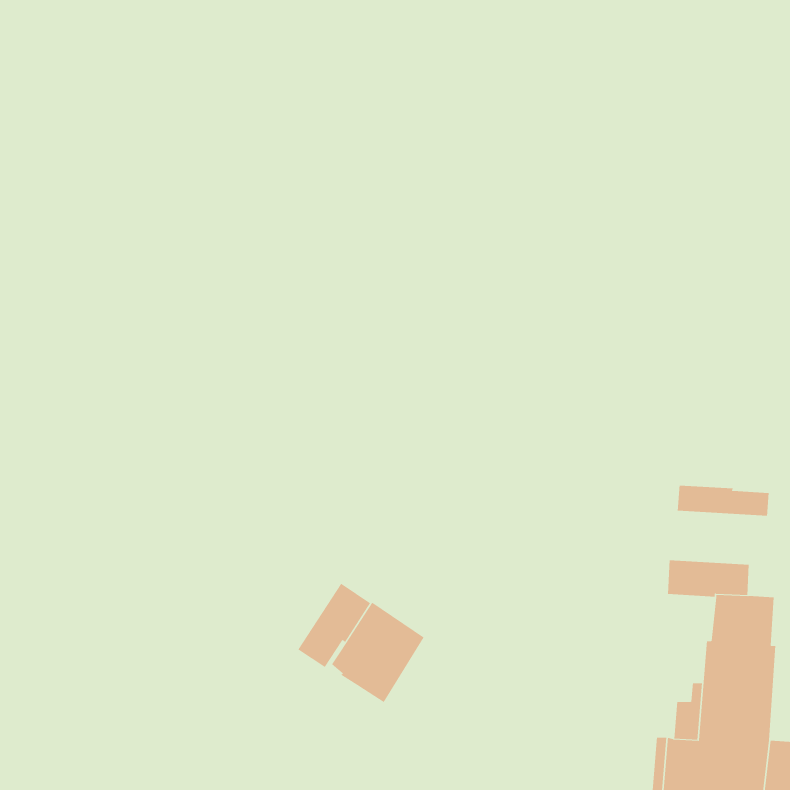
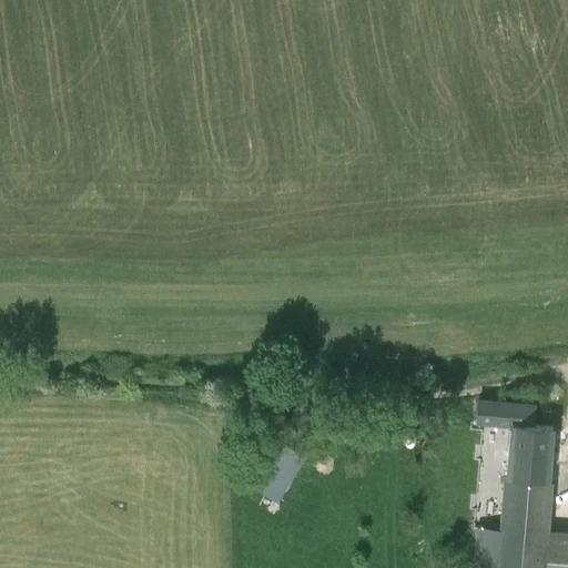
building: [677,485,769,516] -> none
building: [298,583,371,668] -> none

